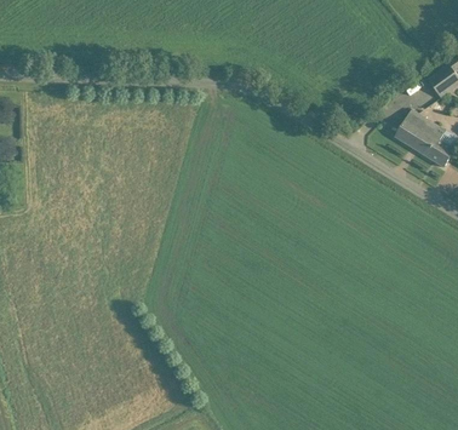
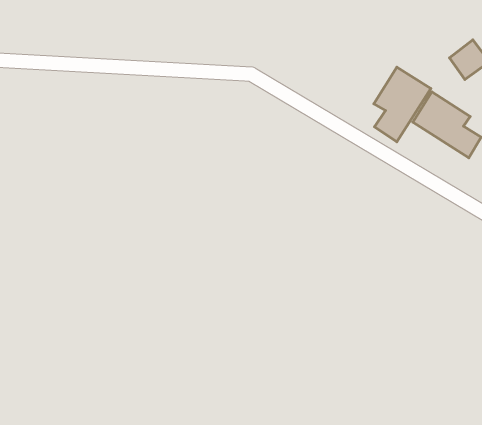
building: none -> [374,67,431,142]

